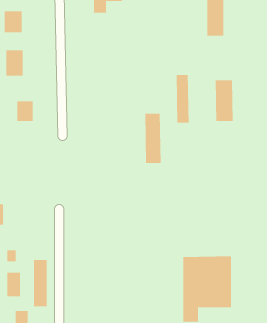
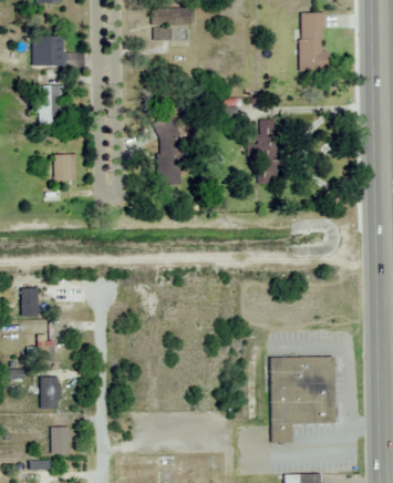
building: [215,79,233,122] -> none
building: [144,113,161,164] -> [159,117,182,183]
building: [34,259,47,307] -> none

